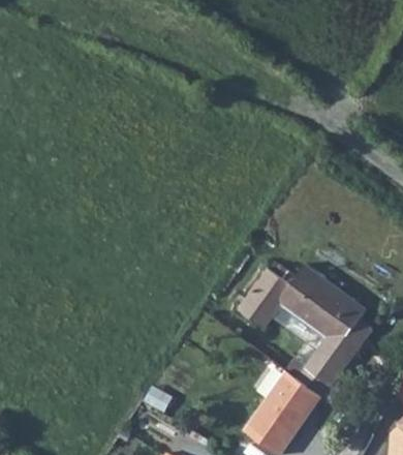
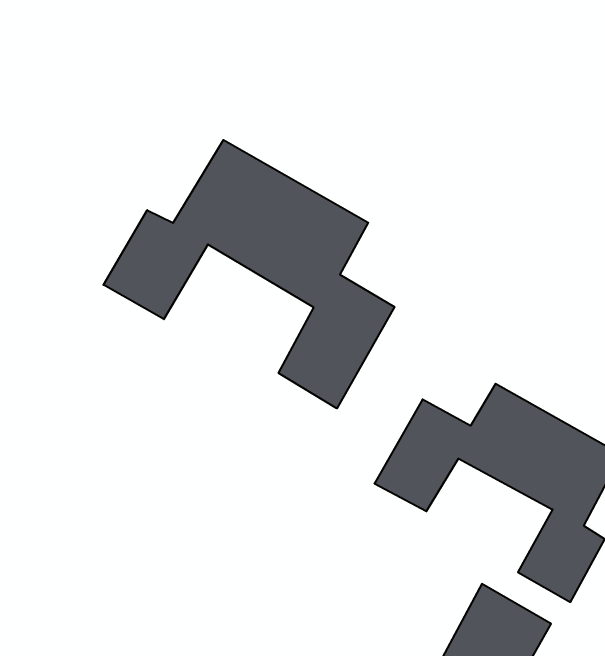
building: none -> [103,140,394,408]

